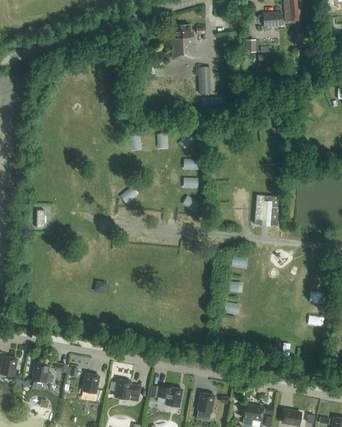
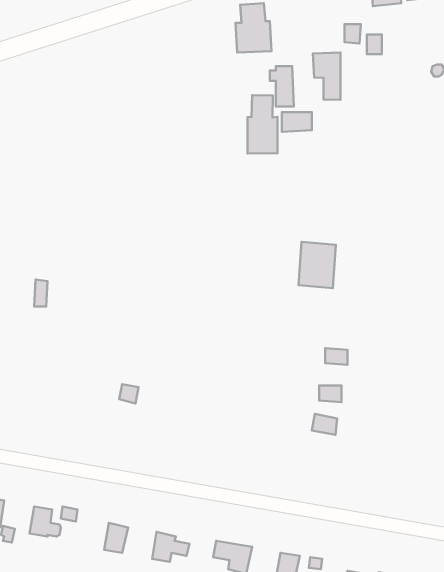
building: none -> [313,53,341,100]
building: none -> [248,95,278,154]
building: [254,195,279,226] -> [298,242,336,288]

